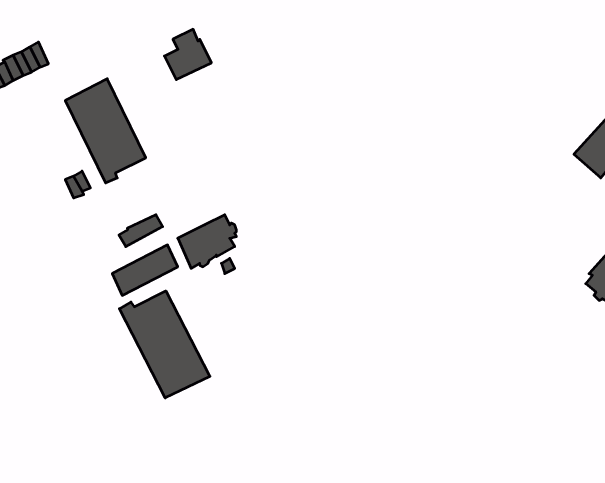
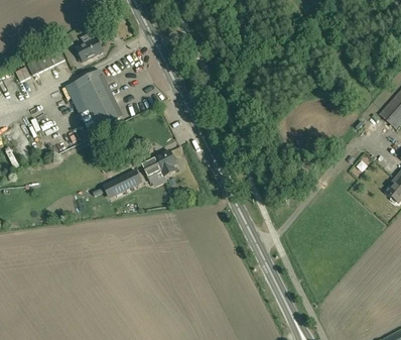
building: [164,29,211,80] -> [75,31,103,62]
building: [119,291,210,398] -> none

